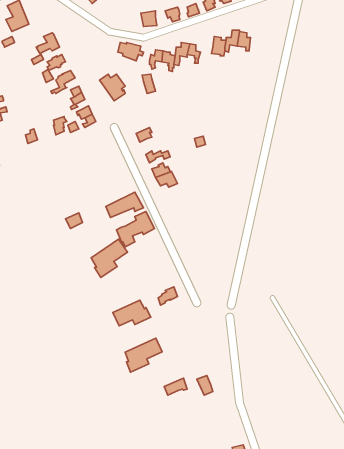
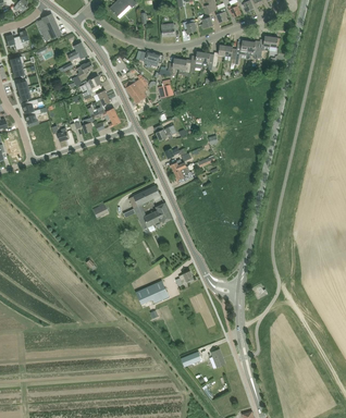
building: [91,239,128,278] -> none
building: [125,338,162,372] -> none

